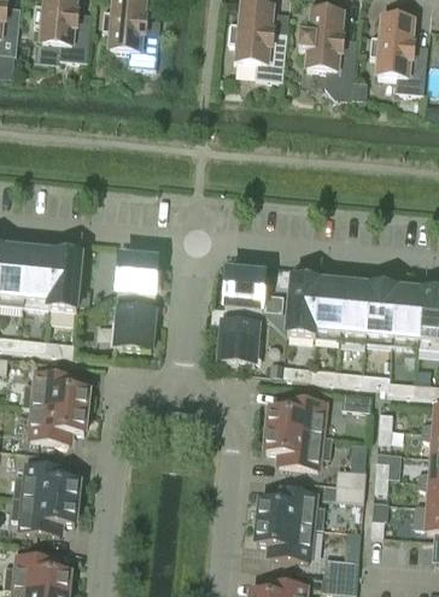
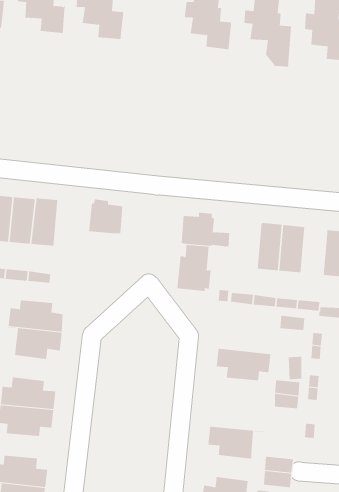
building: [287,277,320,334] -> none
building: [367,285,397,341] -> none
building: [112,291,154,346] -> none
building: [269,396,333,434] -> none
building: [259,487,324,525] -> none

